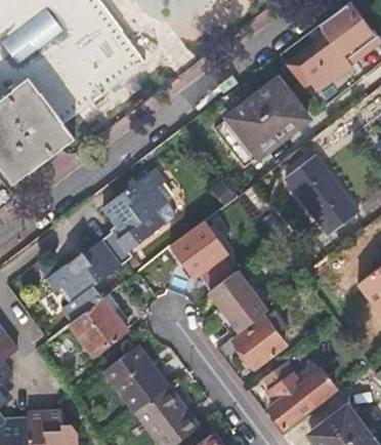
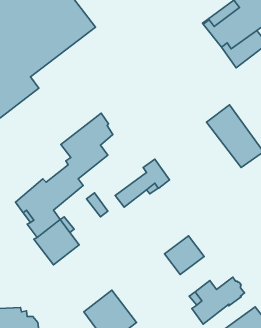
building: [214,78,305,165] -> none
building: [206,272,265,333] -> none
building: [102,347,168,413] -> none

